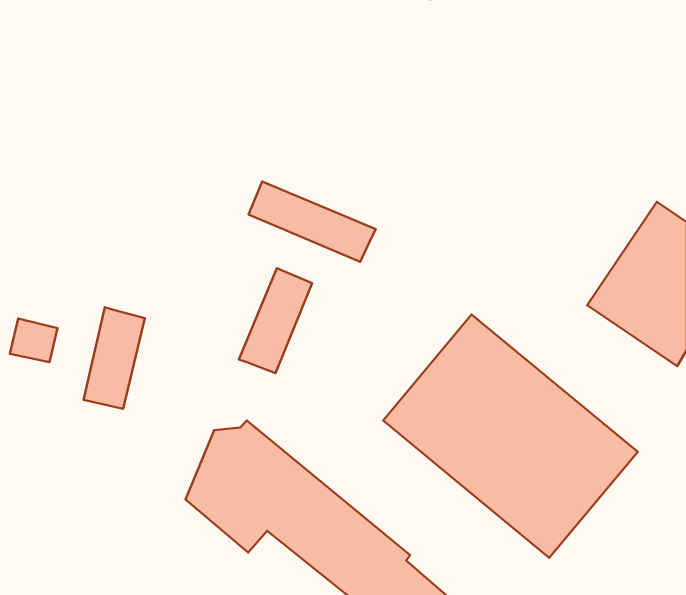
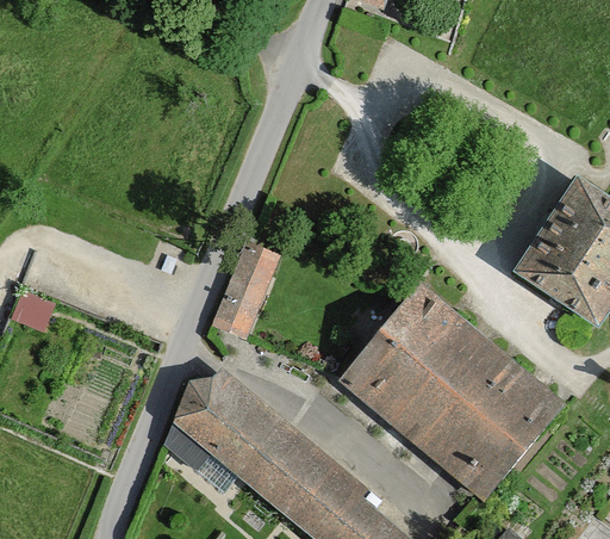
building: [249,182,376,262] -> none
building: [83,307,145,409] -> none

